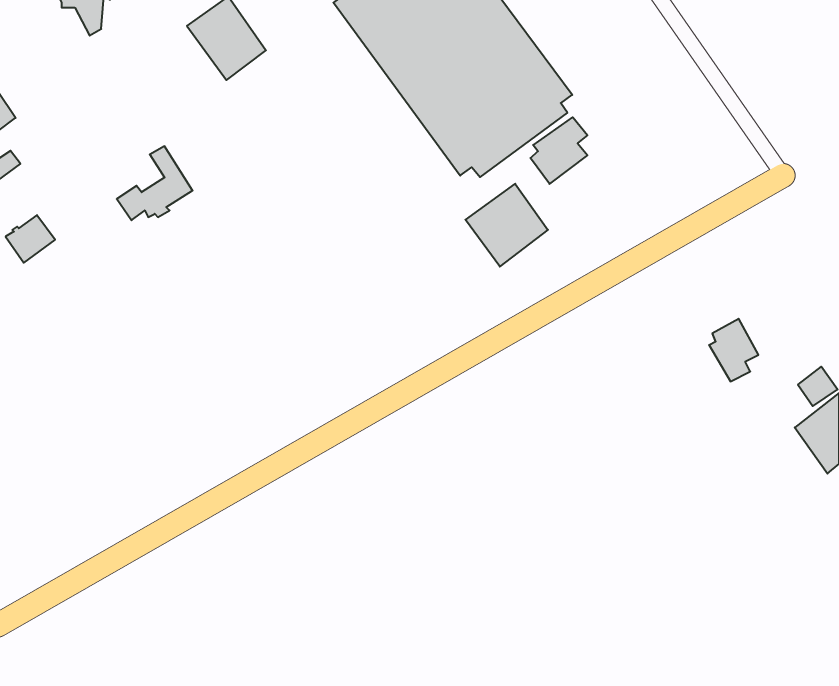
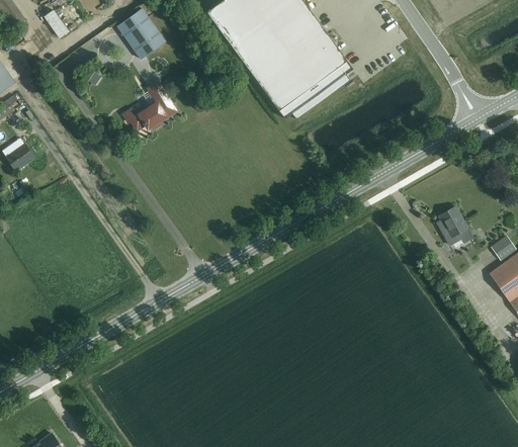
building: [530,117,587,184] -> none
building: [117,146,193,220] -> [127,84,174,129]
building: [465,184,548,267] -> none

